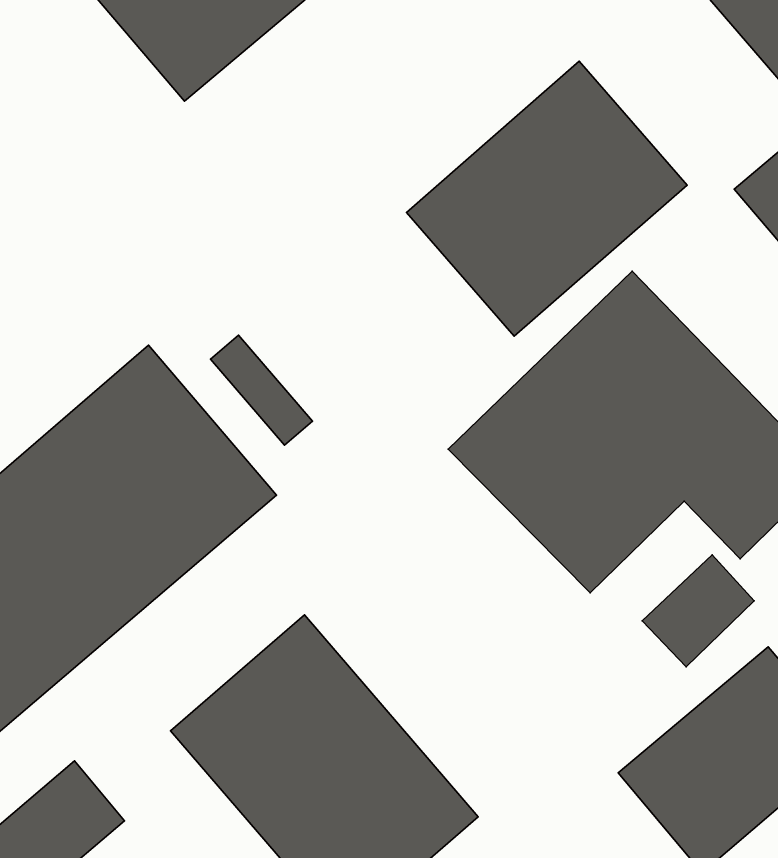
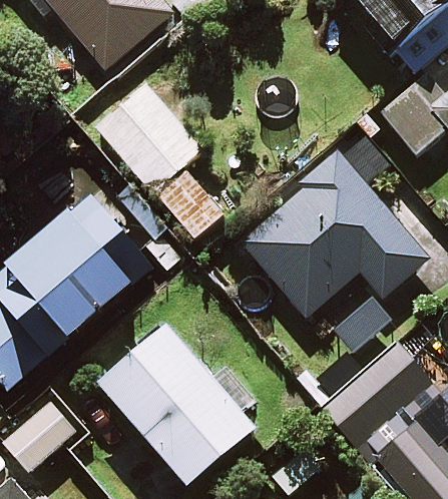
building: [406,61,687,336] -> none
building: none -> [96,85,223,238]

